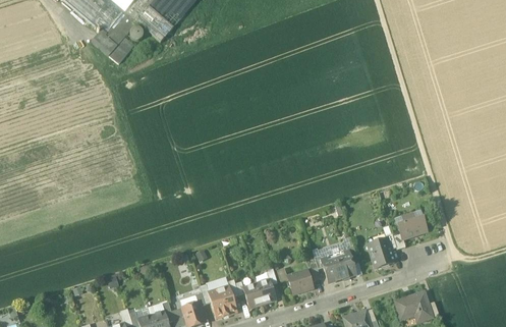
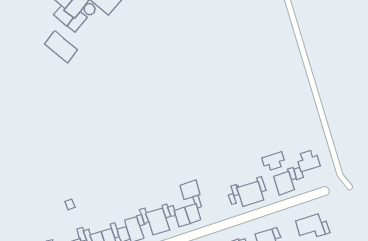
building: none -> [44,31,77,63]
building: none -> [262,151,284,170]
building: [286,269,312,293] -> [180,180,200,199]

